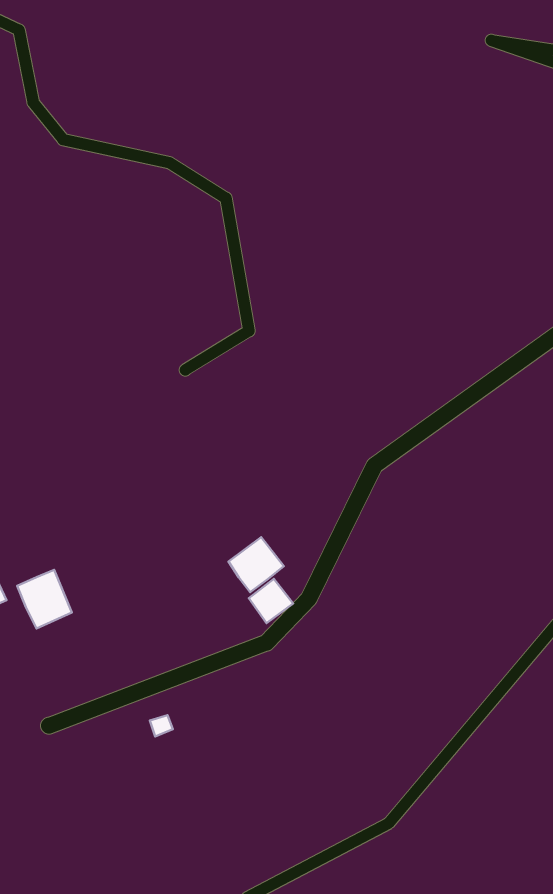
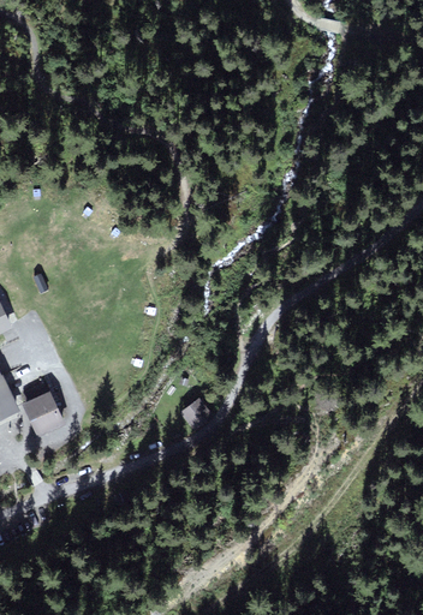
building: [228,537,284,592] -> none

